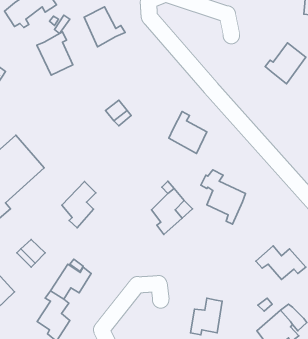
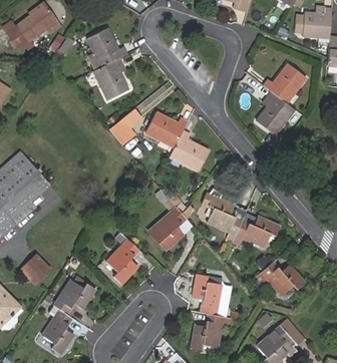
building: [37,32,73,75] -> [93,57,128,99]
building: none -> [257,91,294,134]
building: none -> [145,111,188,147]
building: [62,182,96,228] -> [106,239,139,284]
building: none -> [233,216,280,247]
building: none -> [193,274,221,315]

